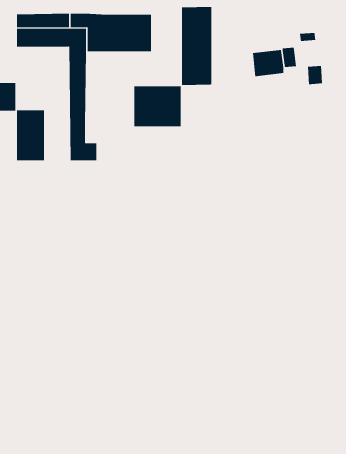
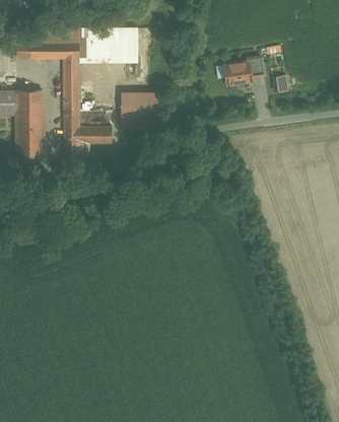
building: [182,6,212,86] -> none
building: none -> [16,89,42,114]
building: none -> [78,126,112,143]

